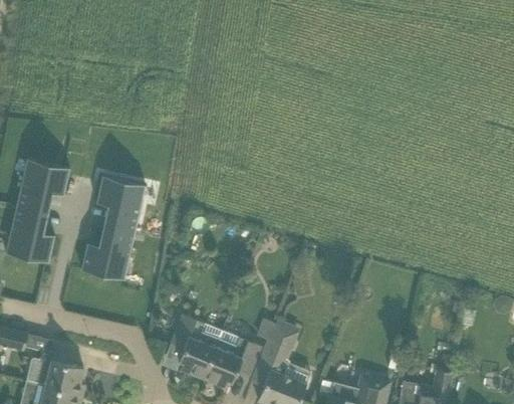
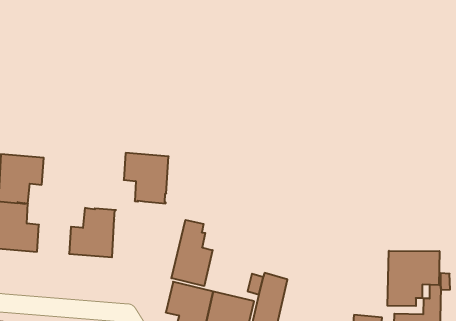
building: [96,175,146,232] -> [124,153,169,203]
building: none -> [171,220,213,286]
building: none -> [387,251,439,306]

